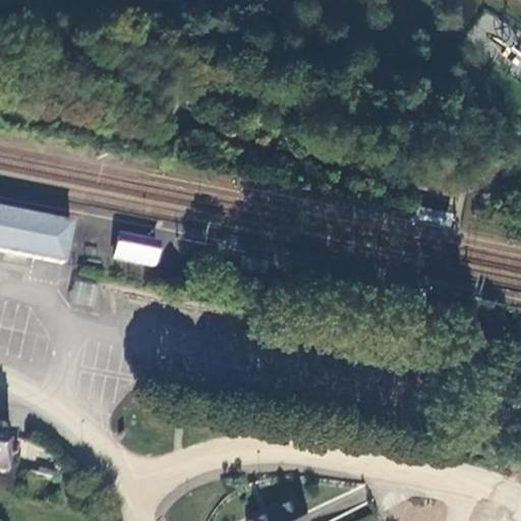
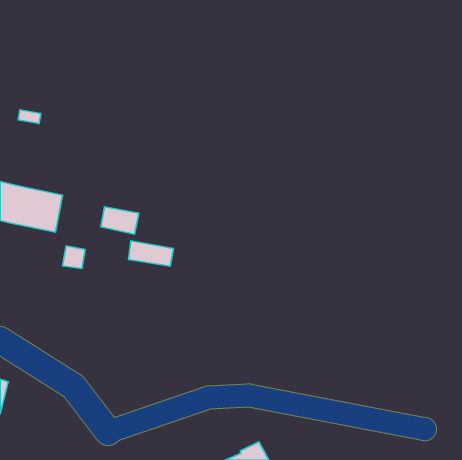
building: none -> [128,241,173,266]

